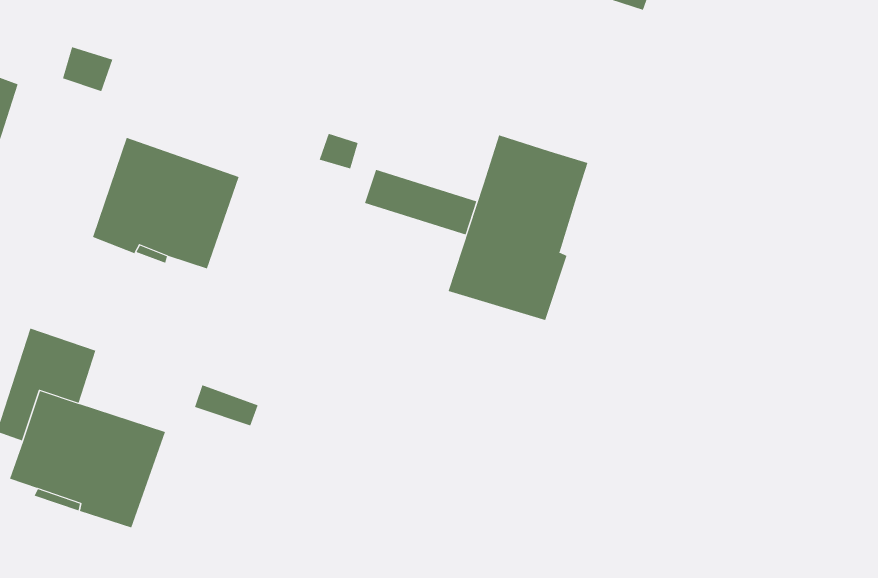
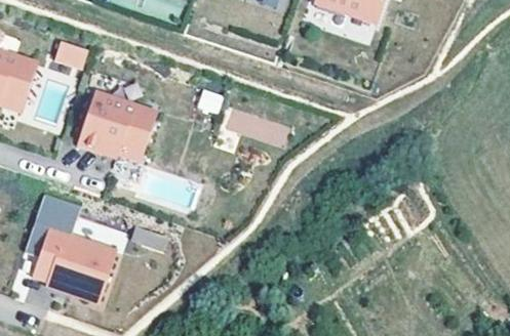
building: [448,134,588,321] -> none

